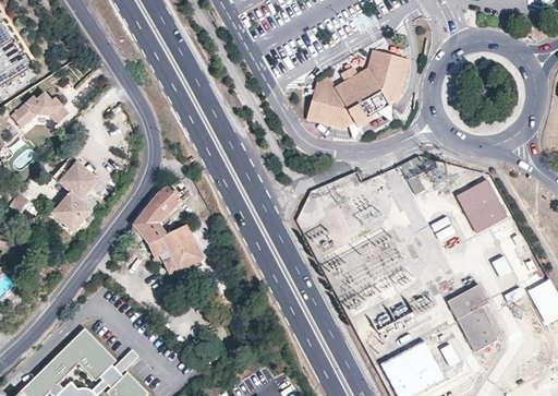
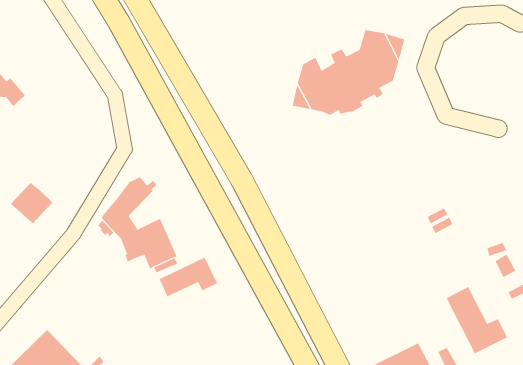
building: [51,163,96,201] -> none
building: [456,178,507,232] -> none
building: none -> [159,257,218,297]

